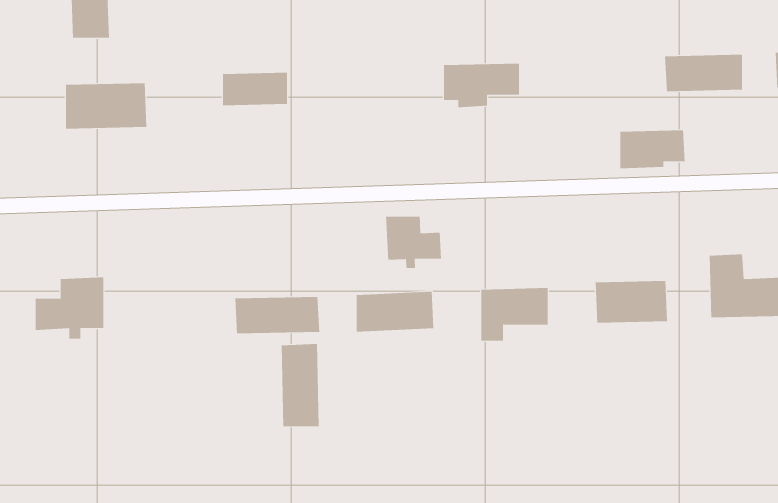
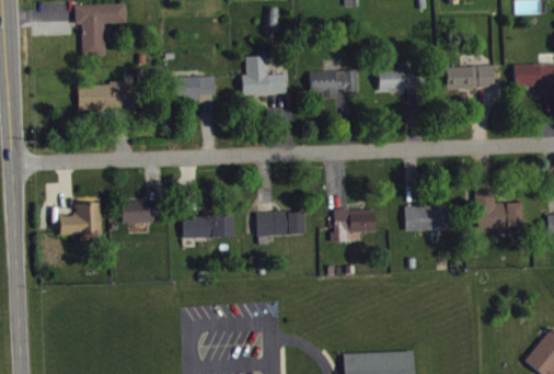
building: none -> [243,56,287,97]
building: [620,130,686,169] -> [379,69,419,93]
building: [386,216,441,269] -> none
building: none -> [123,201,160,224]
building: [281,343,319,427] -> none

